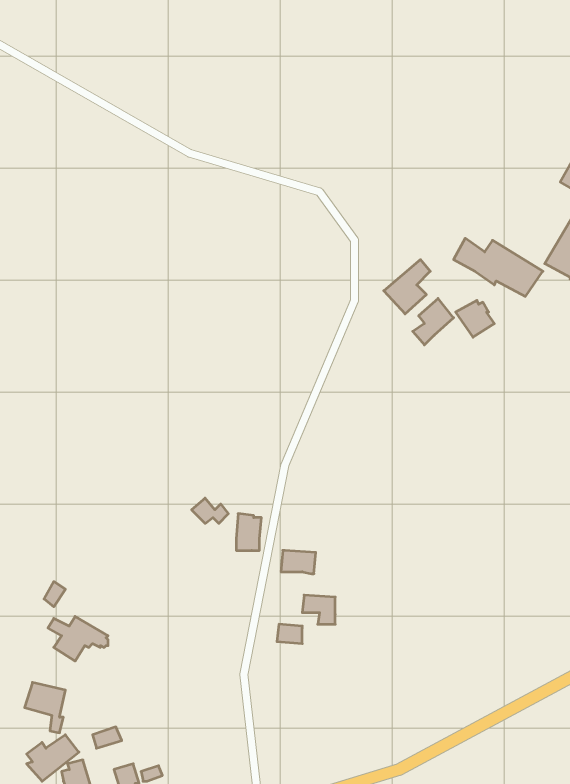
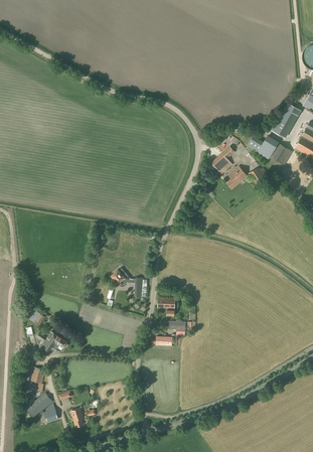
building: none -> [269,103,301,138]

